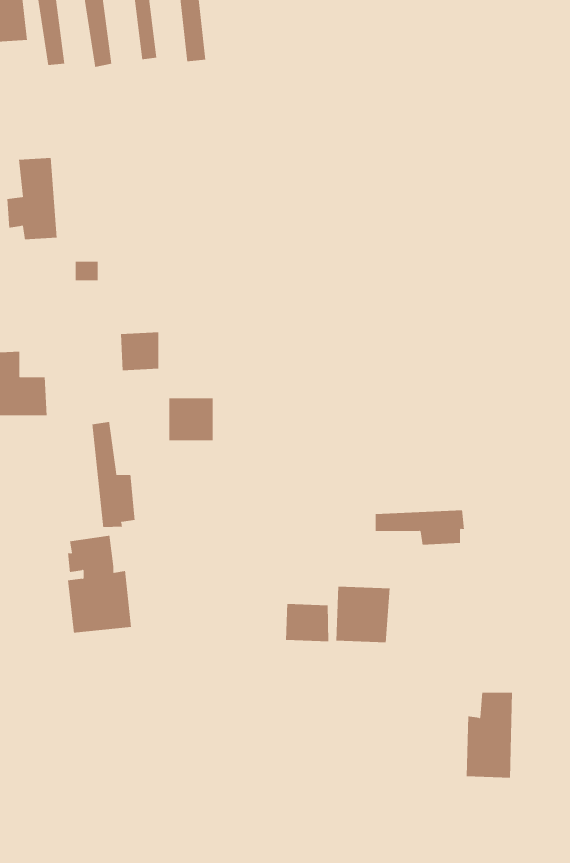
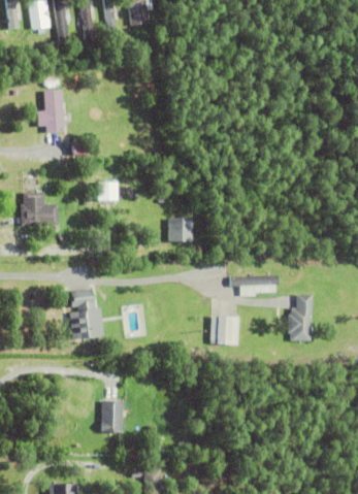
building: [168,398,213,441] -> [168,219,192,241]
building: [92,421,135,528] -> none
building: [285,603,329,642] -> none
building: [466,692,513,778] -> [291,294,316,339]
building: none -> [101,401,123,433]

